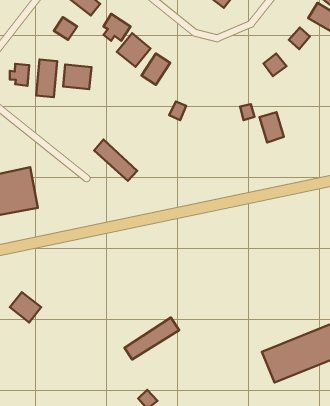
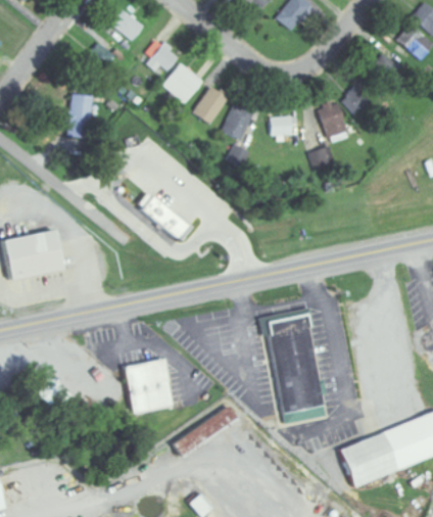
building: [10,64,29,86] -> none
building: [63,65,91,89] -> none
building: none -> [221,103,254,141]
building: none -> [270,116,292,136]
building: [259,112,284,143] -> [317,101,346,138]
building: none -> [261,308,327,424]
building: none -> [123,358,173,410]

